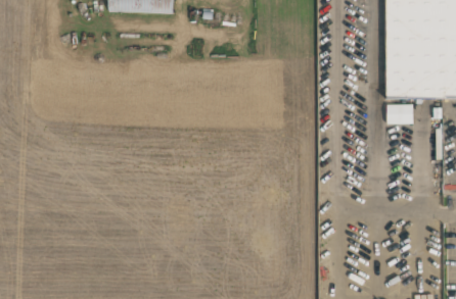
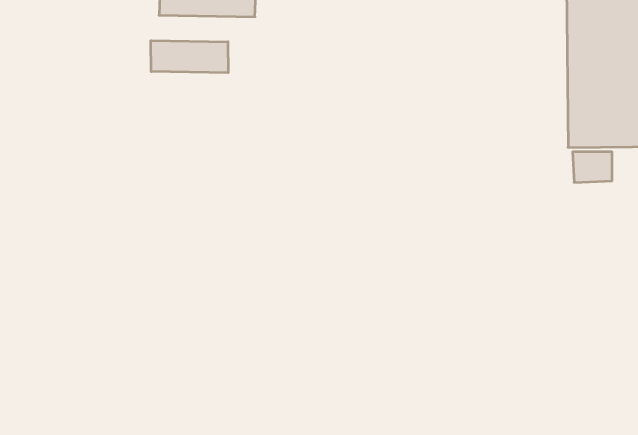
building: none -> [151,41,228,73]

